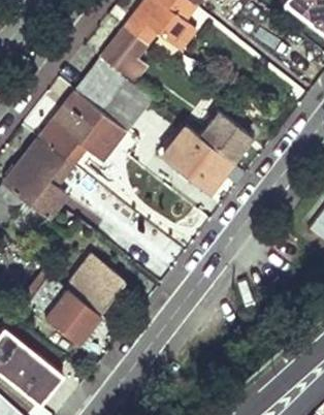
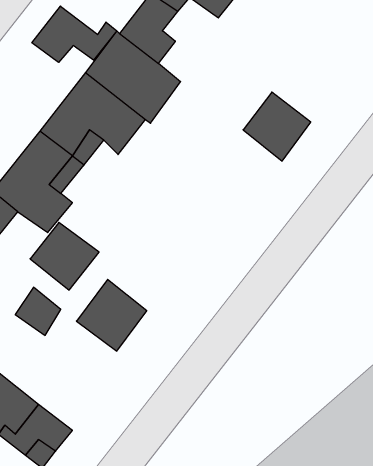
building: none -> [32,6,117,62]
building: [160,125,231,191] -> none
building: [45,289,100,343] -> [30,222,99,290]

